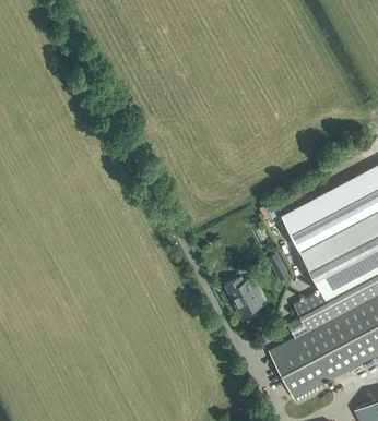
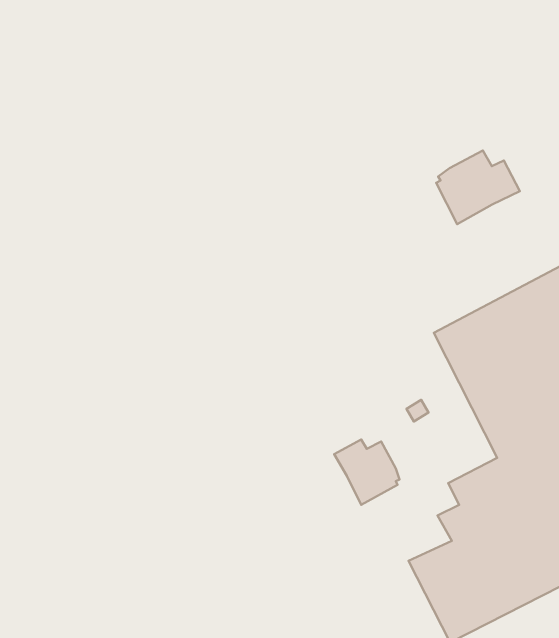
building: none -> [436,150,520,224]

